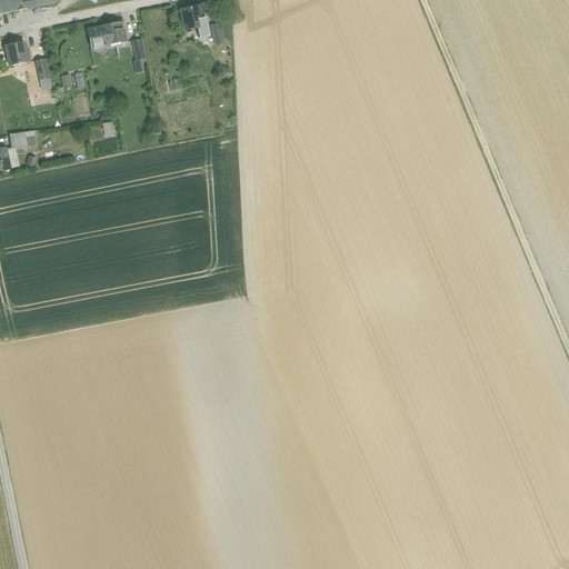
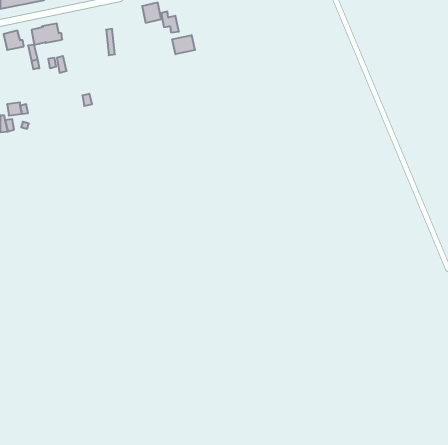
building: [88,20,127,47] -> [32,24,62,45]
building: none -> [172,35,195,54]

